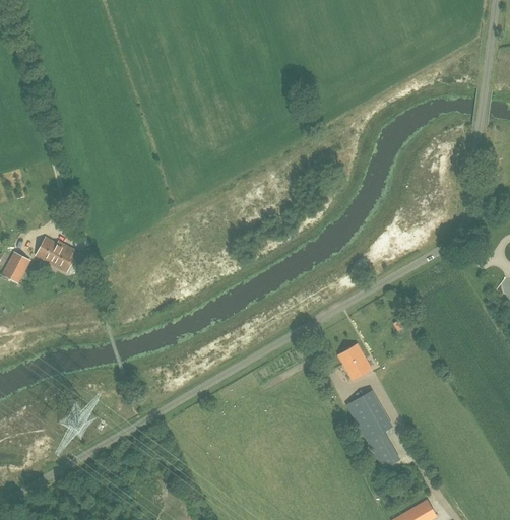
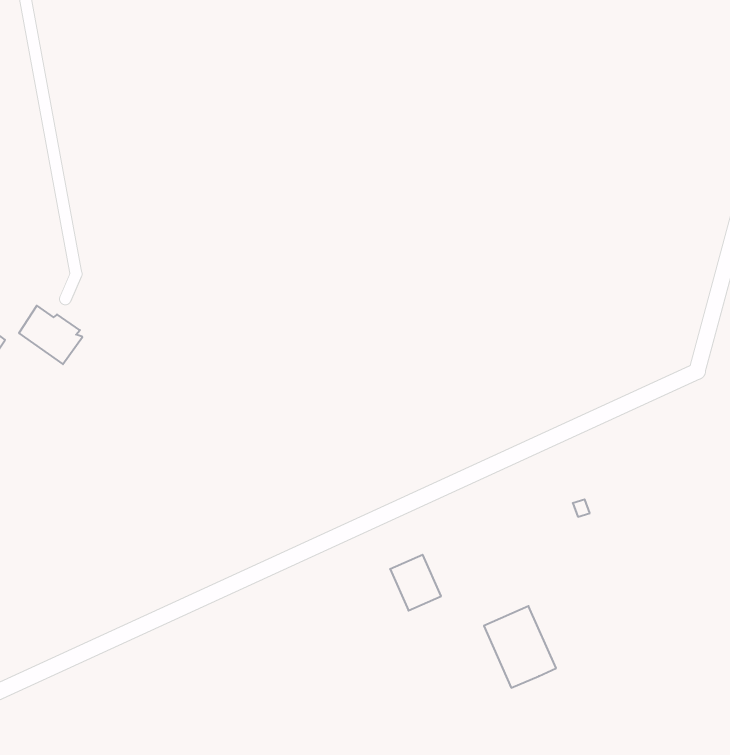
building: [338,344,372,380] -> [390,555,441,611]
building: [367,433,399,470] -> none

